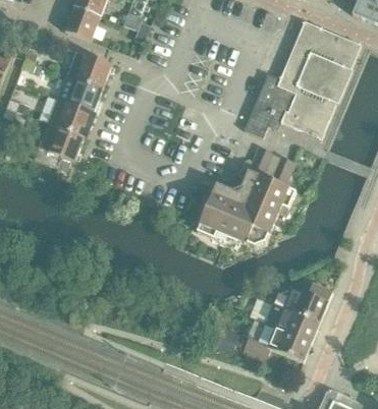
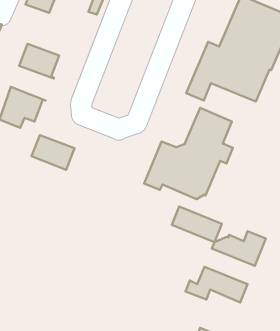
building: [66,50,111,87] -> none
building: [48,99,96,137] -> [32,135,74,170]
building: [264,302,320,342] -> [172,206,222,242]

